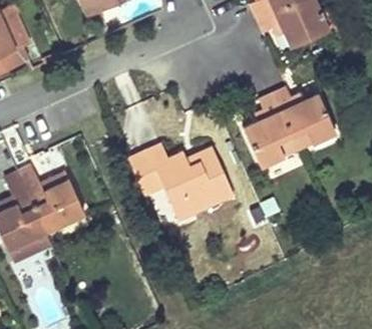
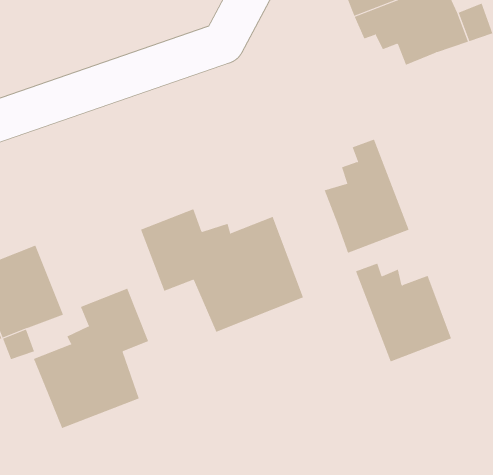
building: [273,87,336,149] -> [355,263,452,362]
building: none -> [33,288,149,429]

